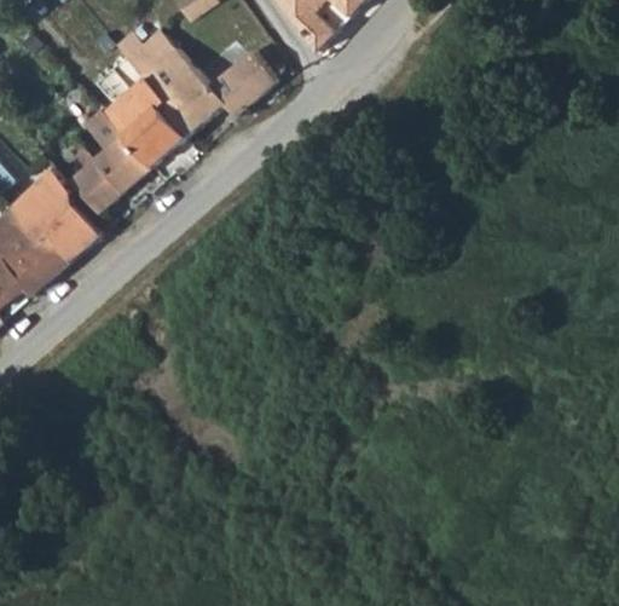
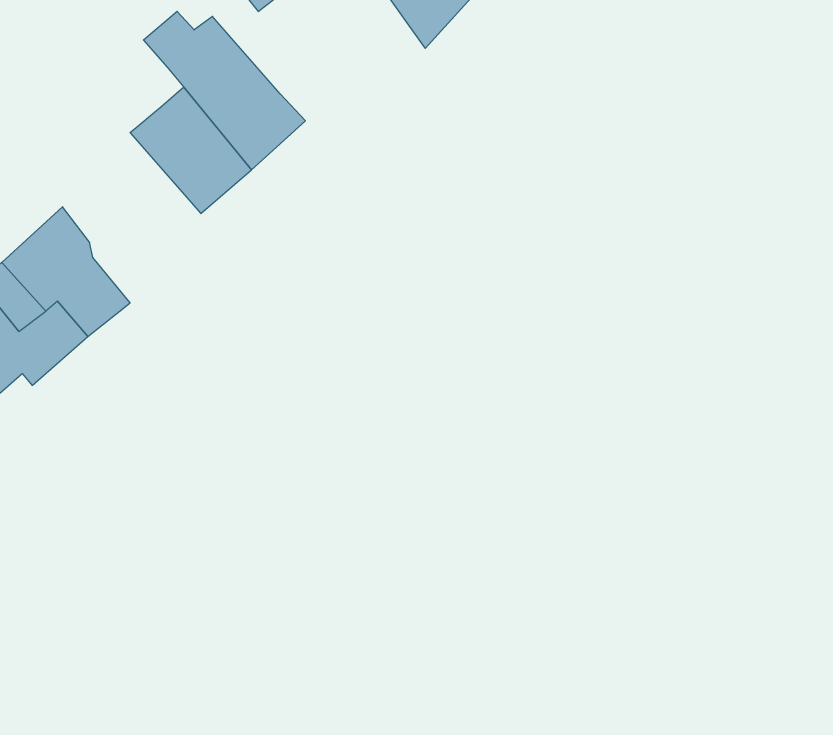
building: [207,50,274,115] -> none
building: [70,112,150,214] -> none

